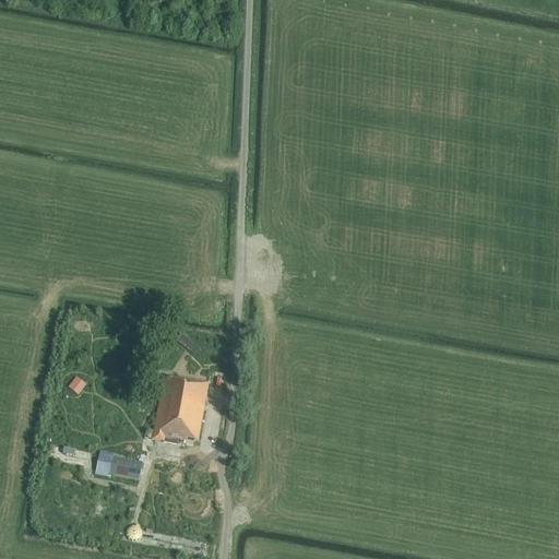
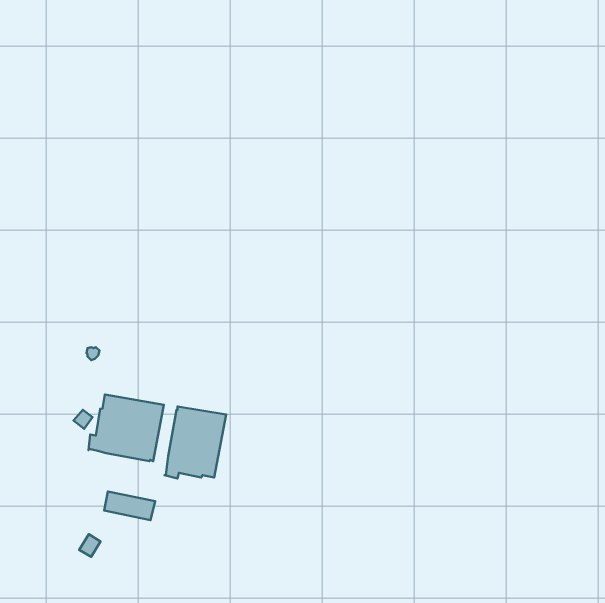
building: none -> [88,395,164,461]

